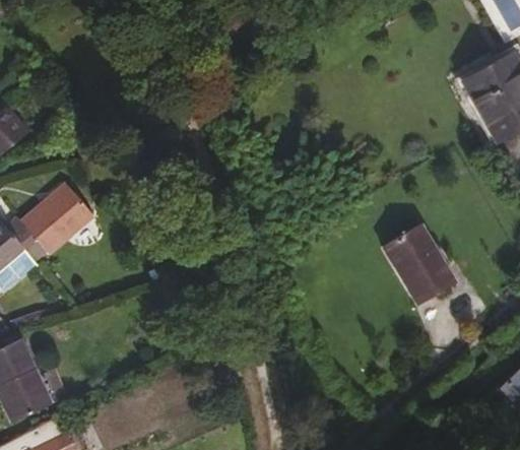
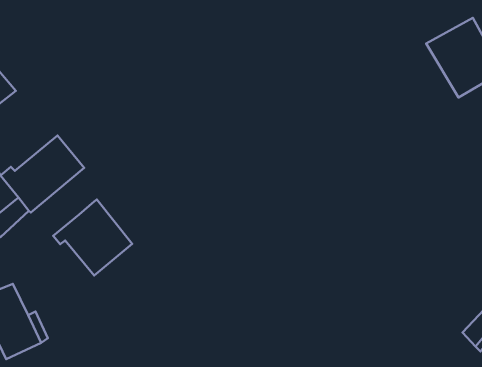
building: [385,221,458,304] -> none
building: none -> [53,200,132,275]

